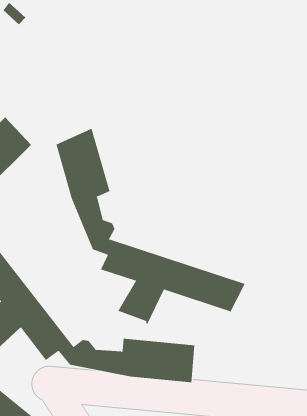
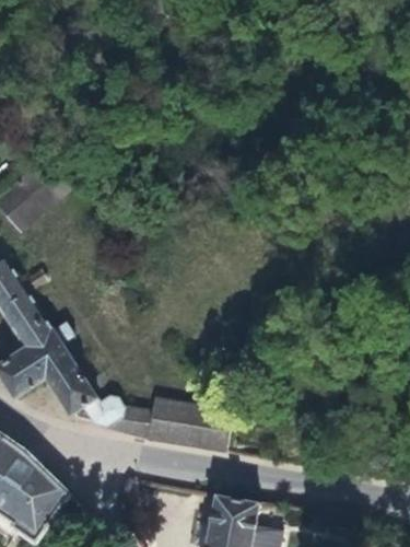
building: [56,128,245,326] -> none

